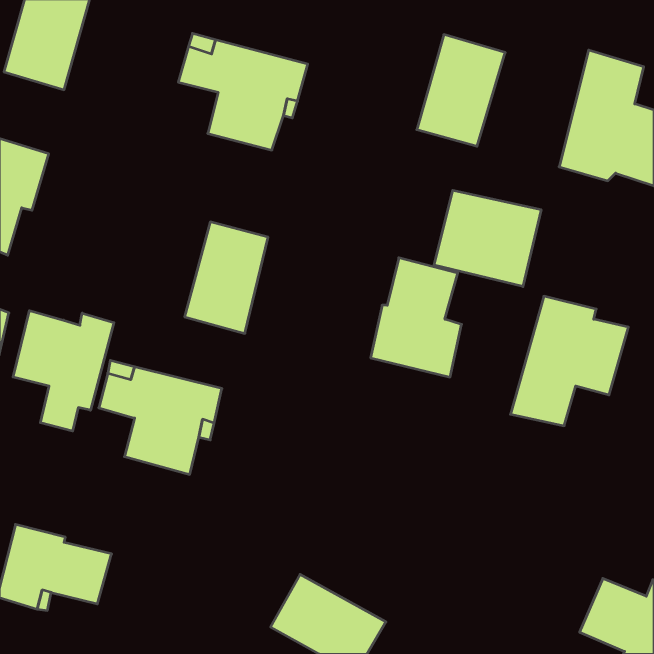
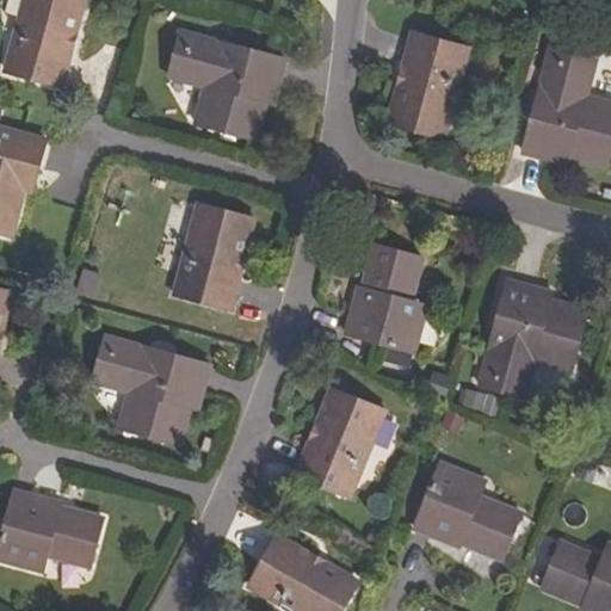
building: [434,190,541,287] -> none
building: [13,311,114,431] -> none
building: none -> [297,389,387,498]
building: none -> [411,461,524,561]

